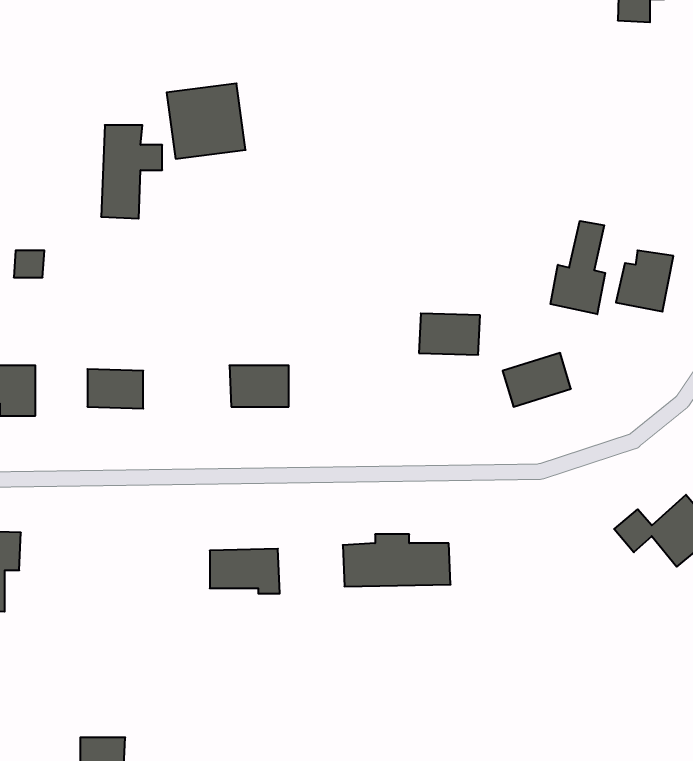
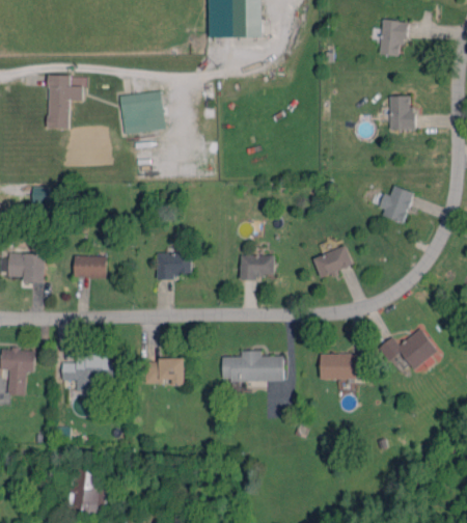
building: none -> [389,95,416,130]
building: [101,125,162,219] -> [47,75,82,129]
building: [550,221,605,314] -> none
building: [419,313,480,355] -> [239,254,274,278]
building: none -> [319,354,365,379]
building: none -> [61,356,113,391]

